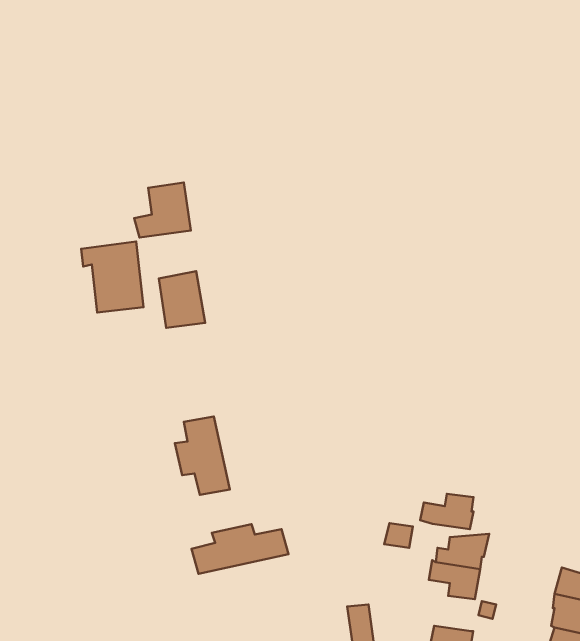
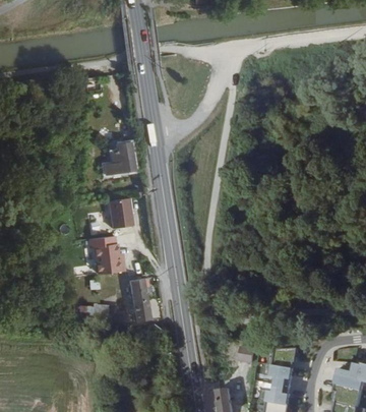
building: [81,242,143,313] -> [88,235,124,276]
building: [420,494,473,529] -> [259,384,290,404]
building: [191,524,288,574] -> none

